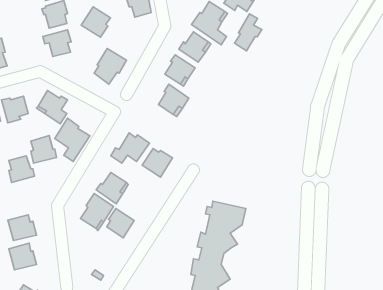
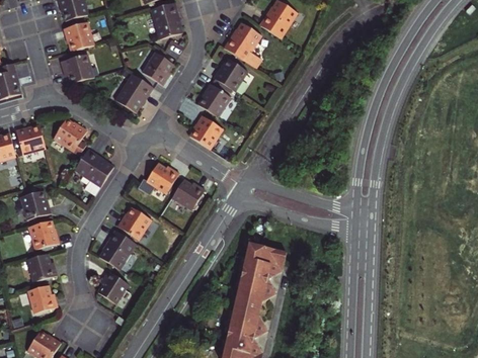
building: [81,7,110,37] -> [142,51,174,84]
building: [235,14,262,51] -> none
building: [31,136,57,163] -> [31,220,60,251]
building: [107,208,134,238] -> [99,274,130,306]

